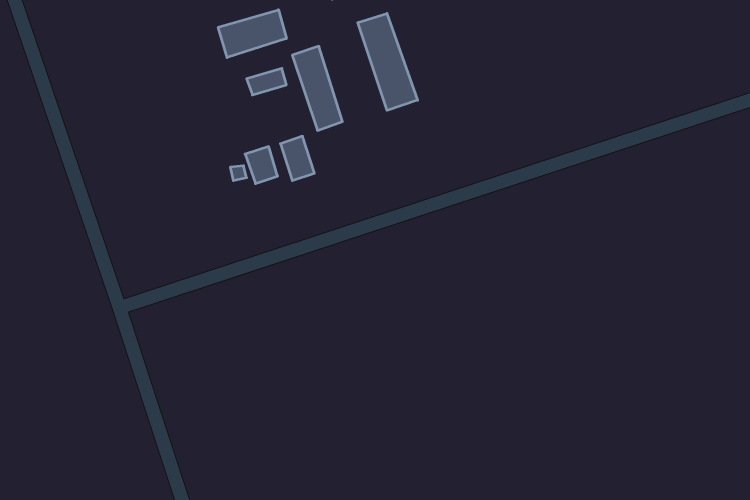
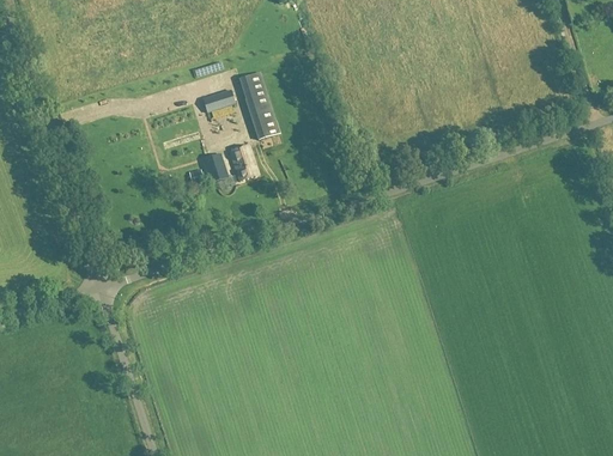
building: [218,10,286,58] -> none
building: [358,13,418,110] -> none

